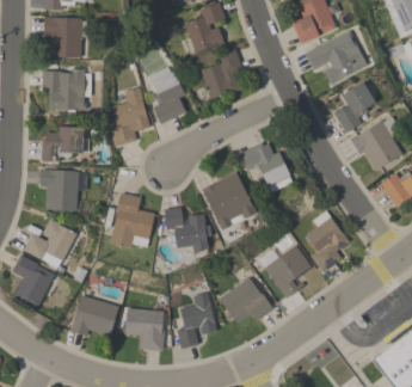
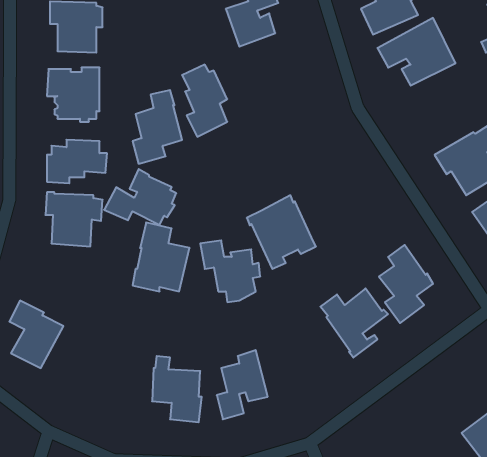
building: [201,48,242,99] -> none
building: [333,81,375,133] -> none
building: [241,142,291,192] -> none
building: [23,219,80,263] -> [104,169,176,225]
building: [219,277,272,324] -> none
building: [70,295,118,336] -> none

